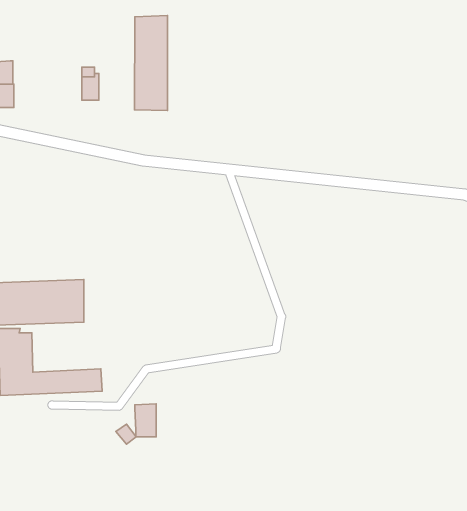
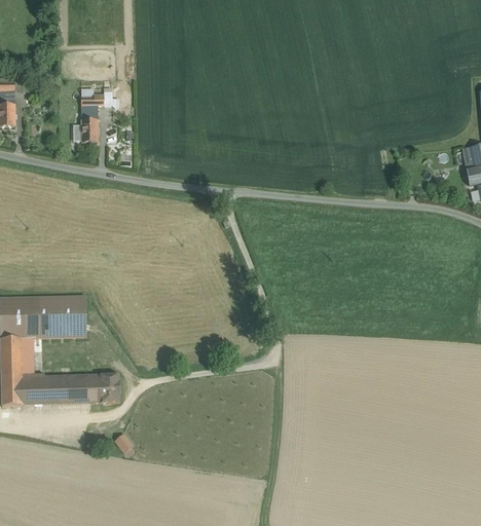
building: [135,15,168,111] -> none
building: none -> [81,119,98,142]
building: [135,404,156,437] -> [100,375,120,407]

